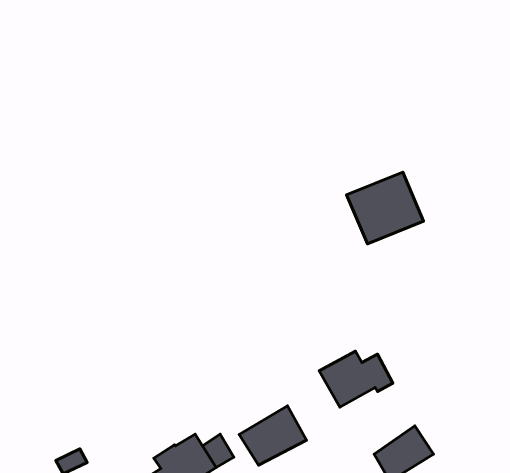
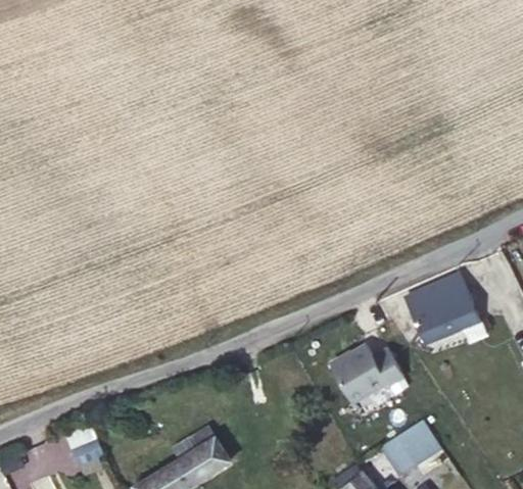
building: [347,172,424,244] -> [405,275,480,345]
building: [239,406,306,465] -> none

